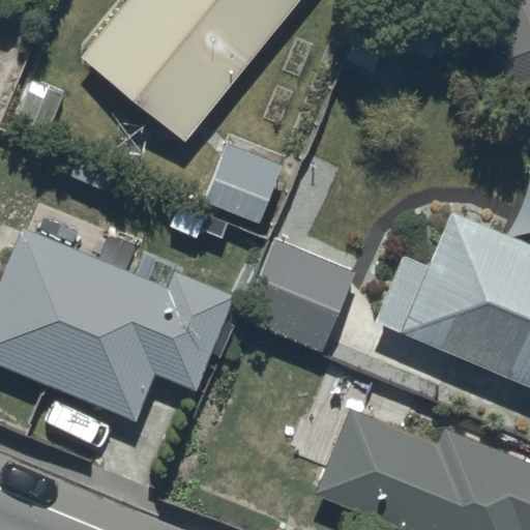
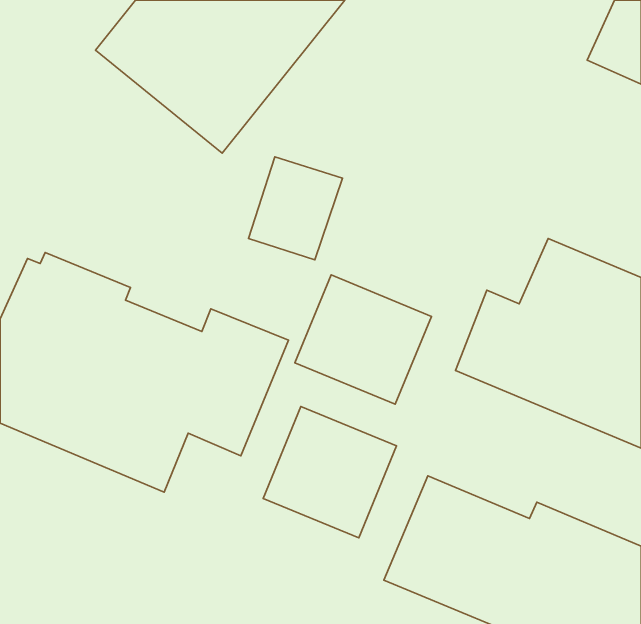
building: none -> [263,406,397,538]

